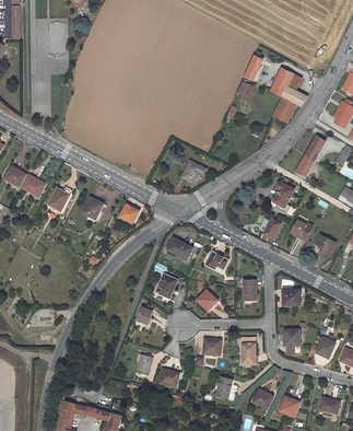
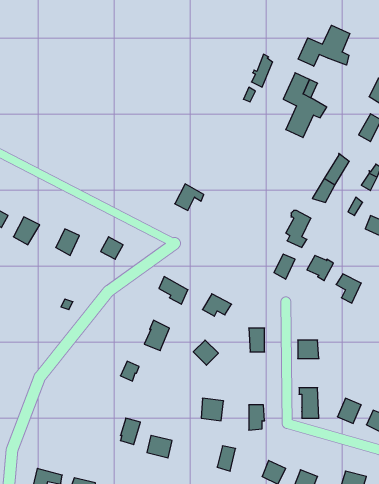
building: none -> [298,25,350,66]

